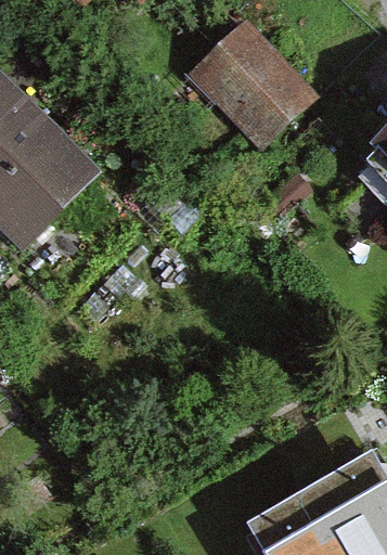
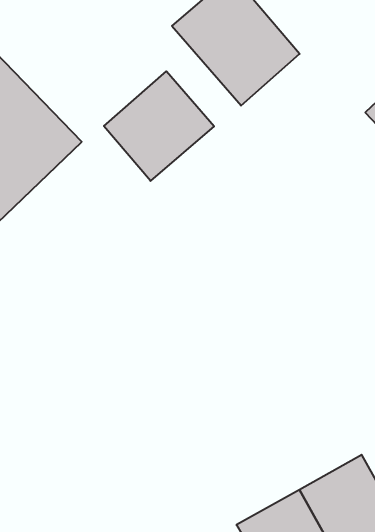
building: none -> [104,71,214,181]

